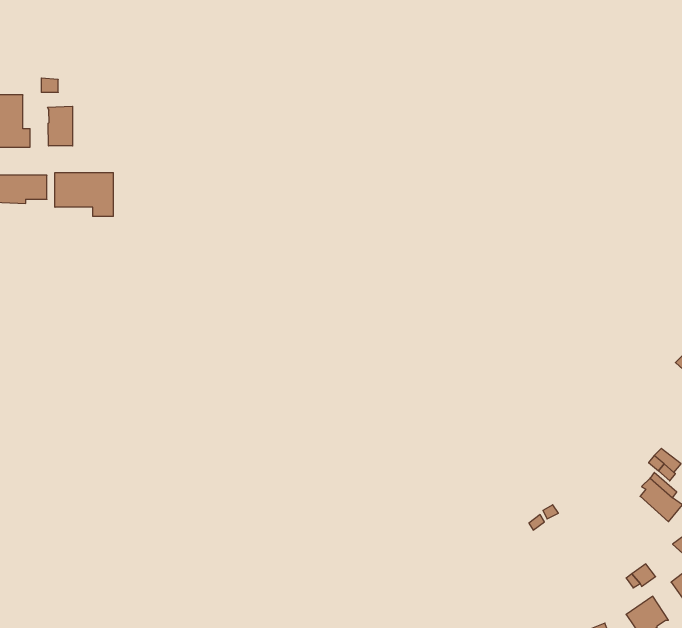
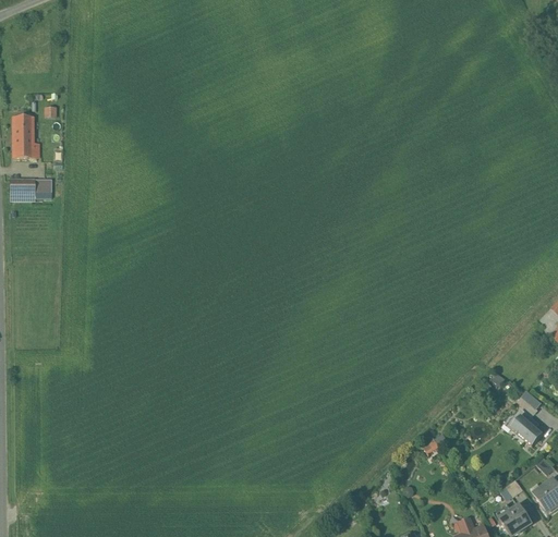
building: [48,106,73,146] -> none
building: [55,173,113,216] -> none

